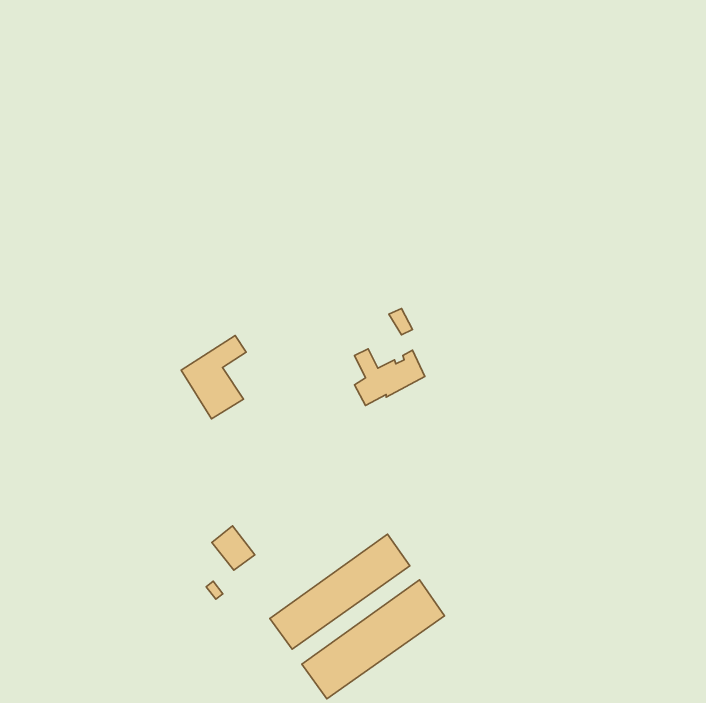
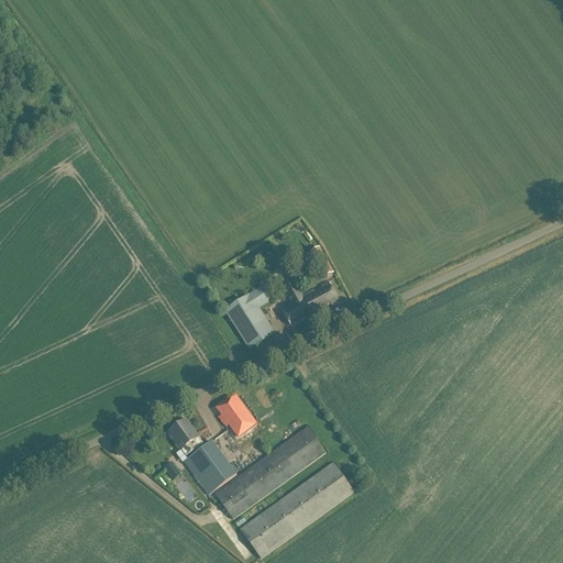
building: [181,336,246,419] -> [224,280,276,346]
building: none -> [214,393,254,435]
building: none -> [184,440,235,493]

